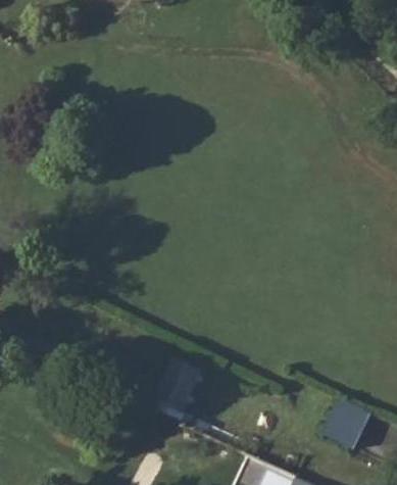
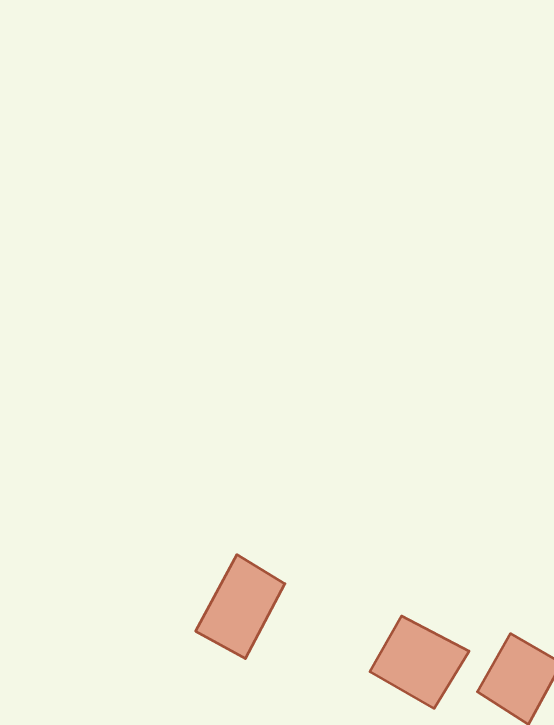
building: none -> [370,616,469,708]

